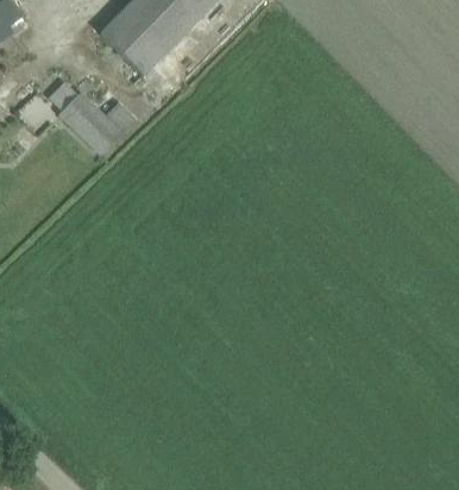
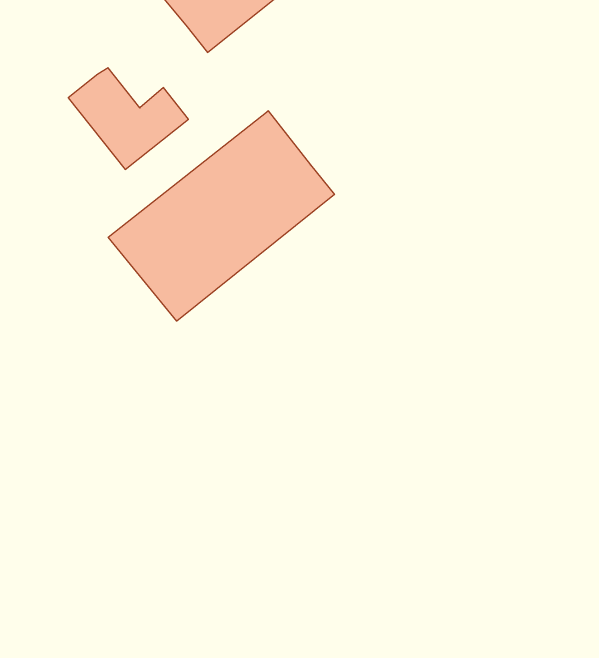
building: none -> [108,111,334,321]

